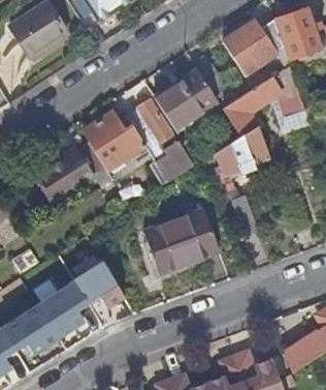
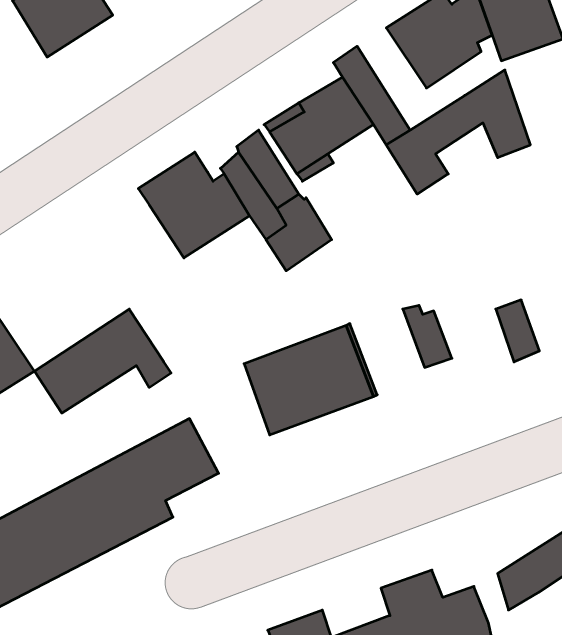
building: [215,124,267,188] -> none
building: [35,142,112,201] -> [34,309,171,413]

